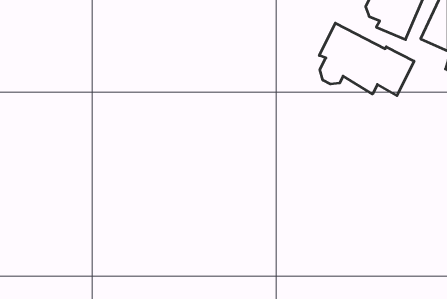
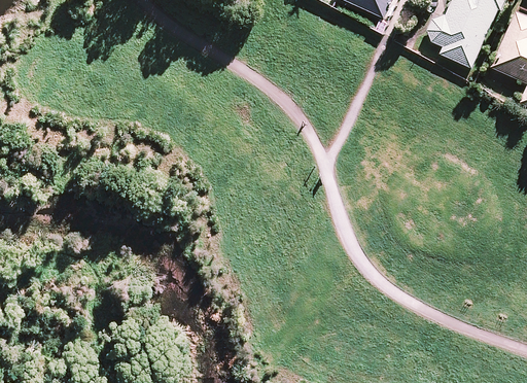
building: [319,23,414,96] -> none

